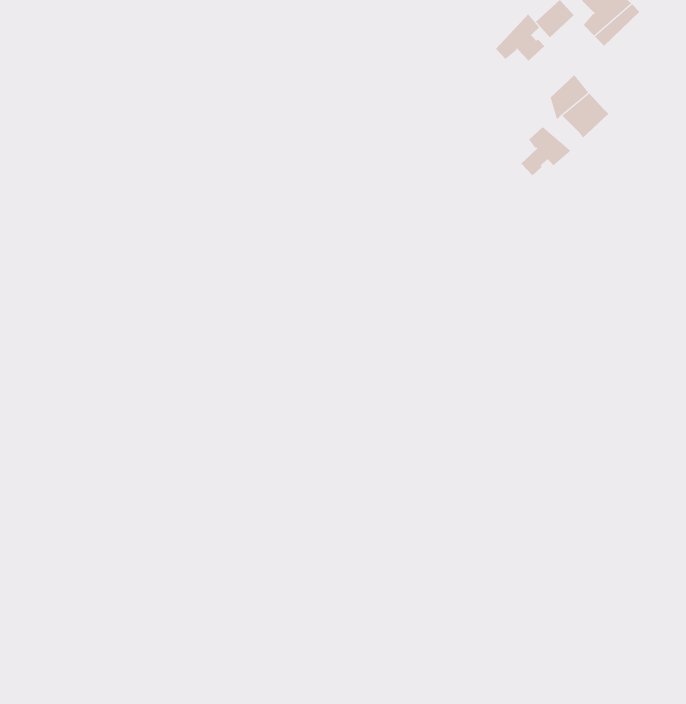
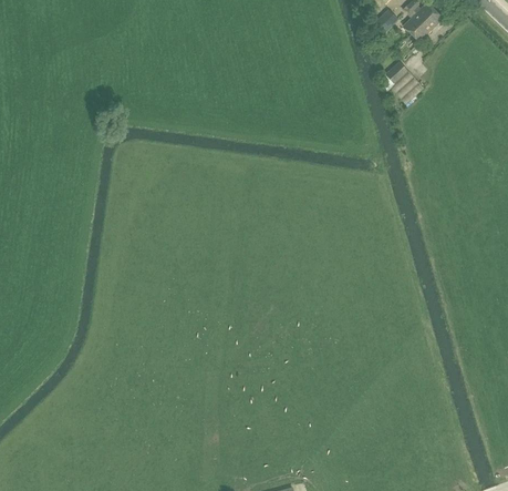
building: [495,14,545,62] -> none
building: [521,126,571,176] -> none

